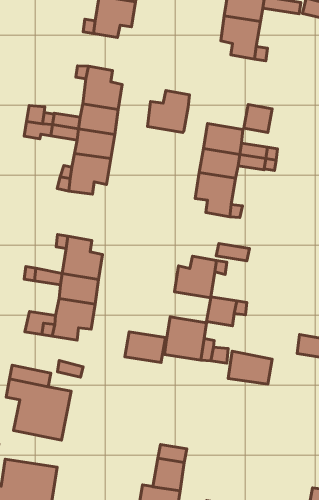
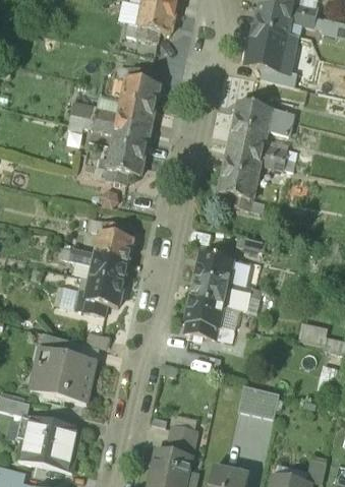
building: [148,91,190,132] -> [233,95,273,133]
building: [125,332,165,363] -> [189,277,227,306]
building: [228,351,272,384] -> [237,386,278,418]

